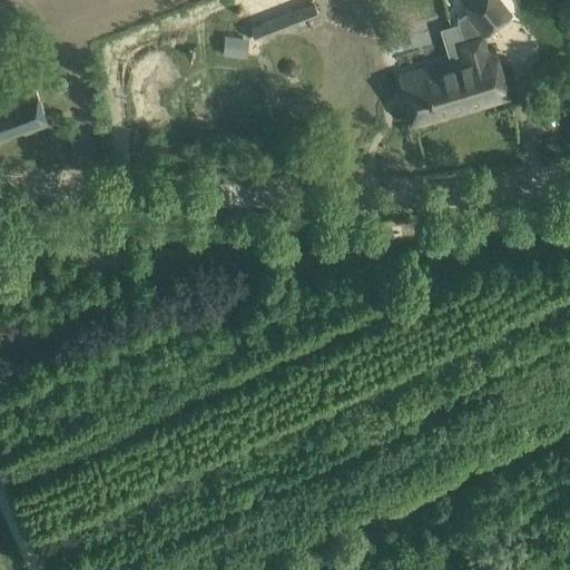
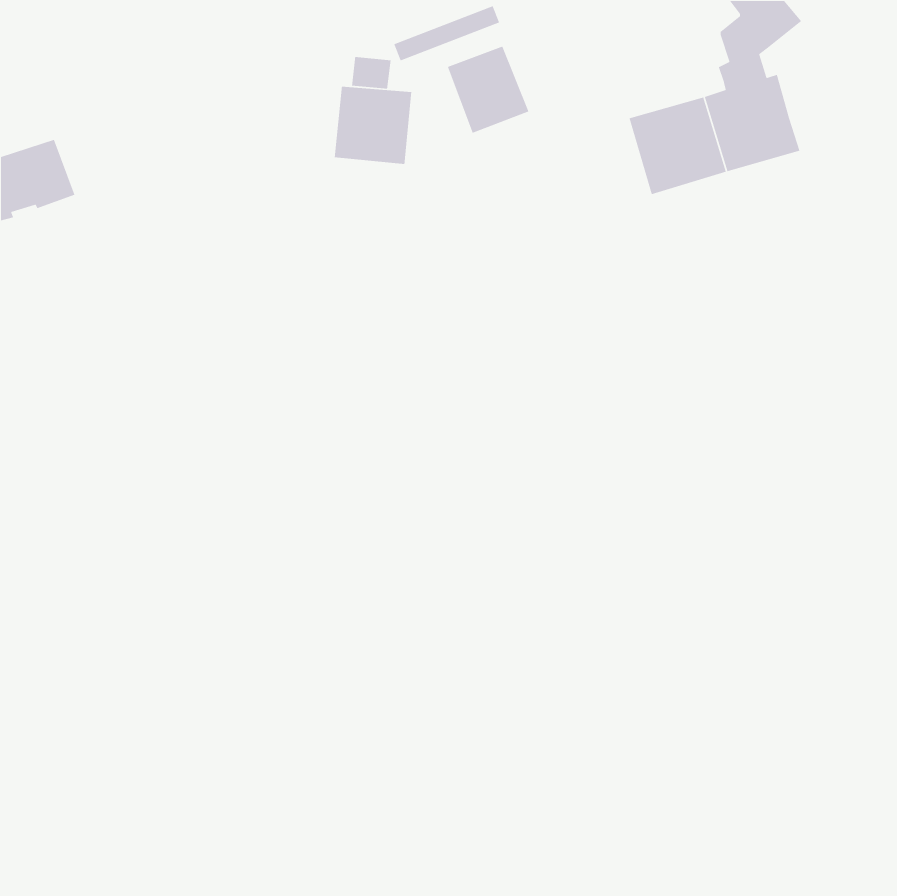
building: none -> [447,45,529,134]
building: none -> [334,86,412,165]

